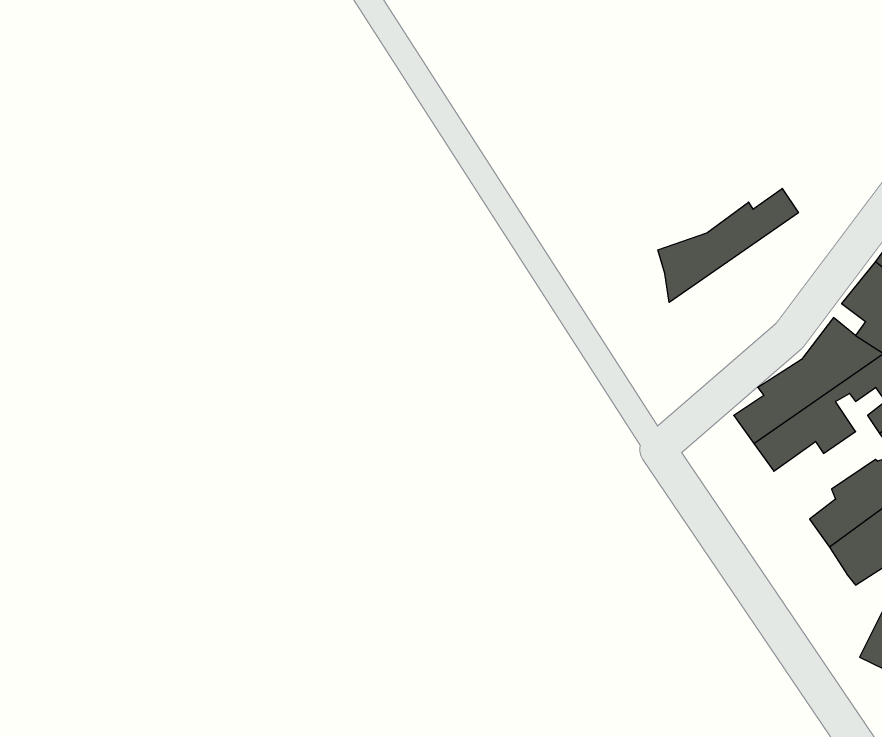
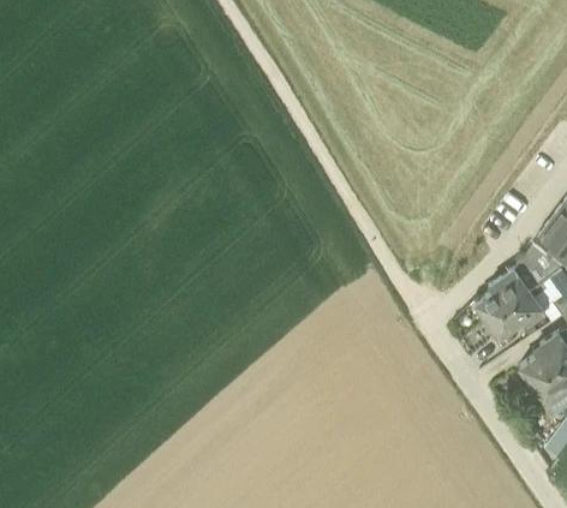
building: [658,188,798,302] -> none

